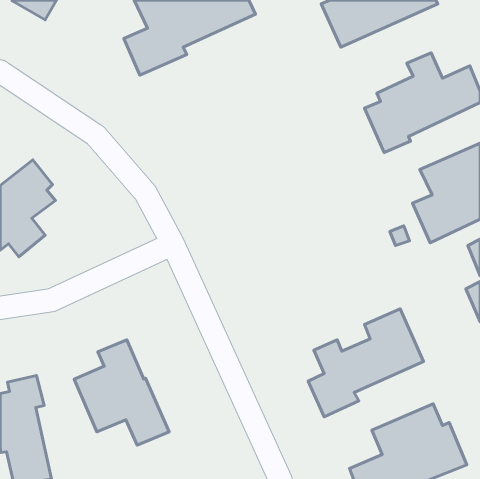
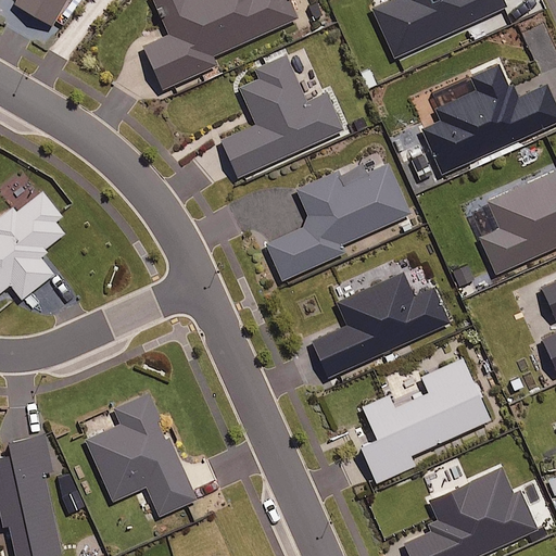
building: none -> [220,55,342,177]
building: none -> [265,164,409,280]
building: none -> [312,261,447,376]

